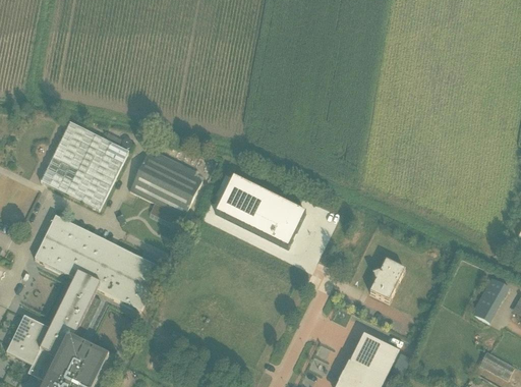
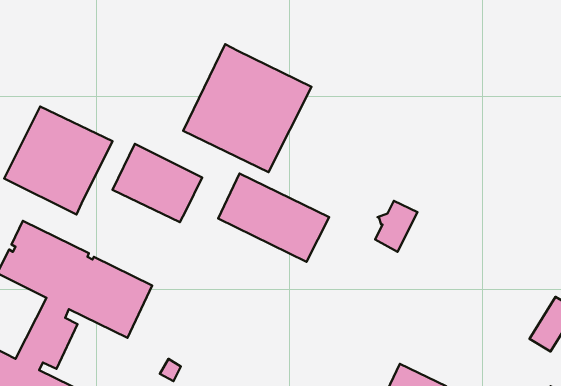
building: none -> [183,44,311,172]
building: [370,259,405,300] -> [375,201,417,252]

